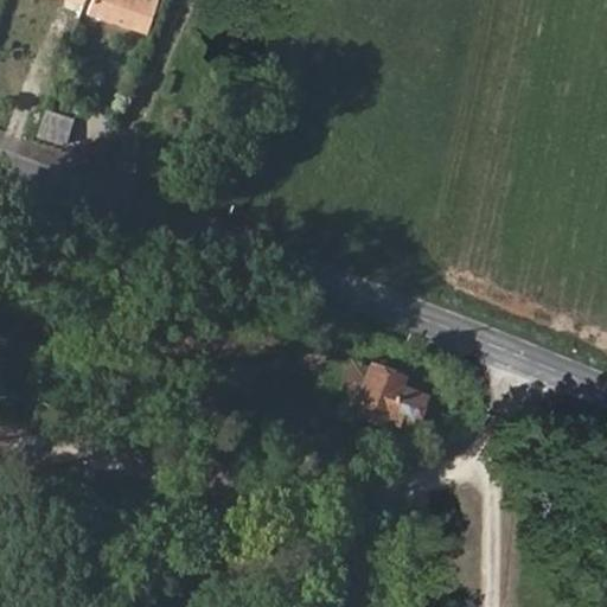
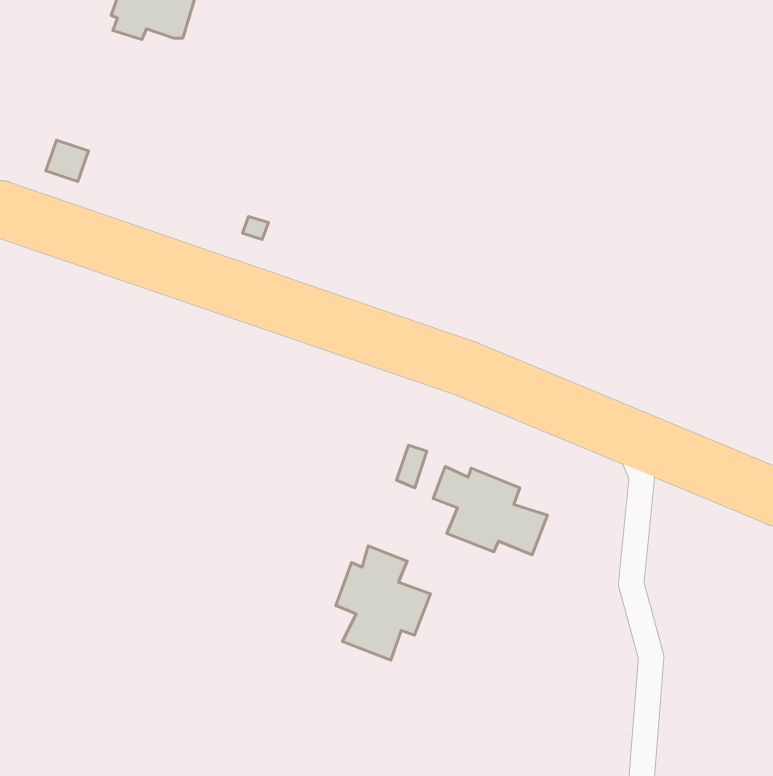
building: none -> [336,546,431,660]

